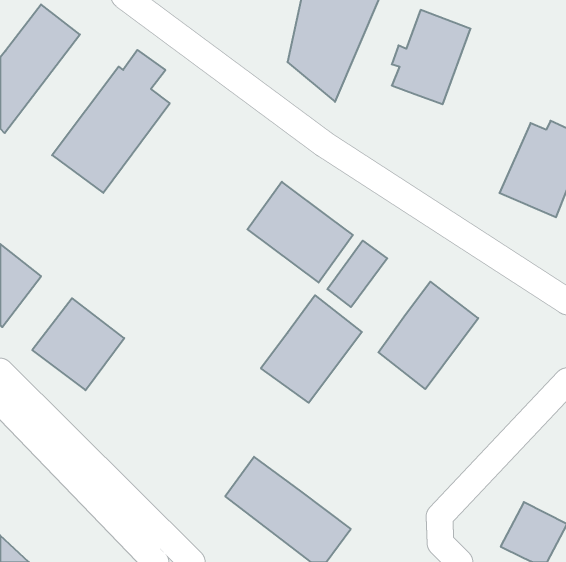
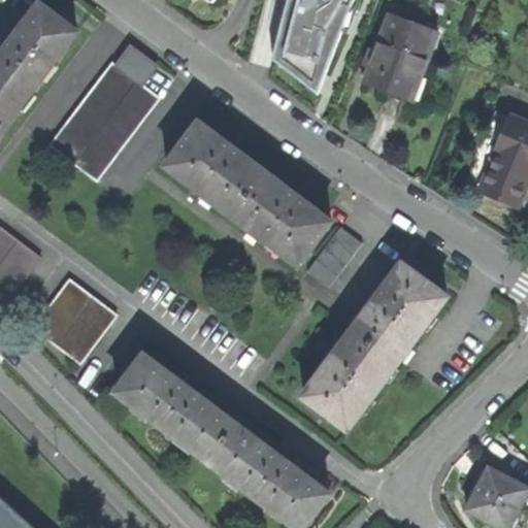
building: none -> [165,122,263,213]
building: [261,295,362,403] -> [302,328,396,428]
building: none -> [116,354,237,462]

